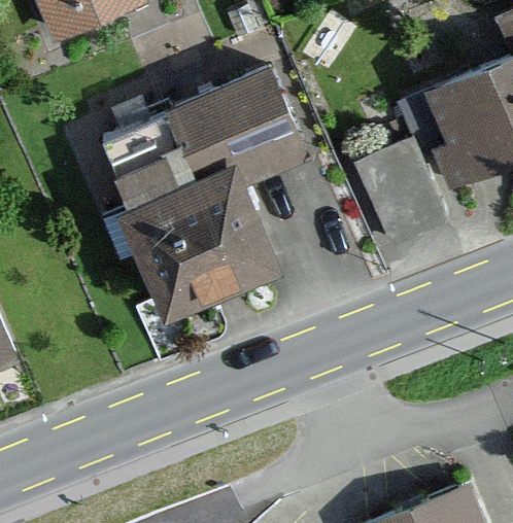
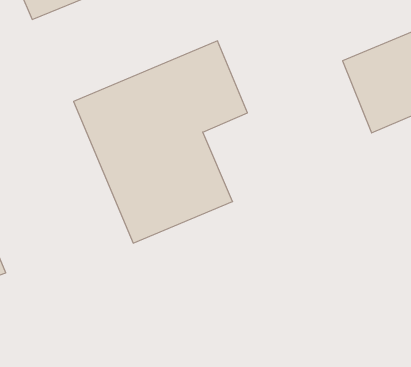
building: [347,123,449,239] -> none

